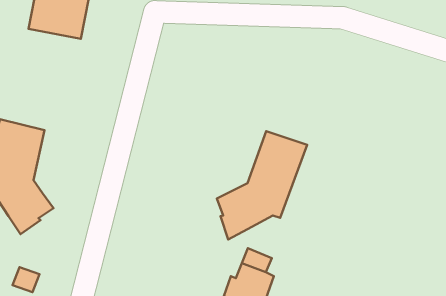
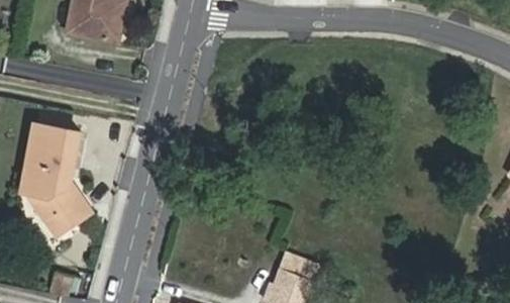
building: [217,131,307,240] -> none

